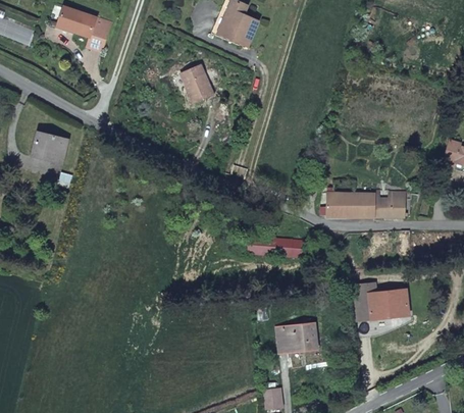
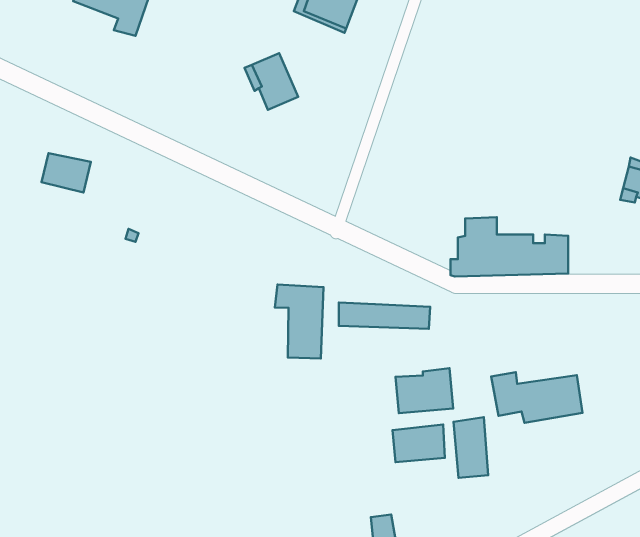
building: none -> [275,284,324,359]
building: none -> [395,368,453,413]
building: none -> [453,417,488,478]

